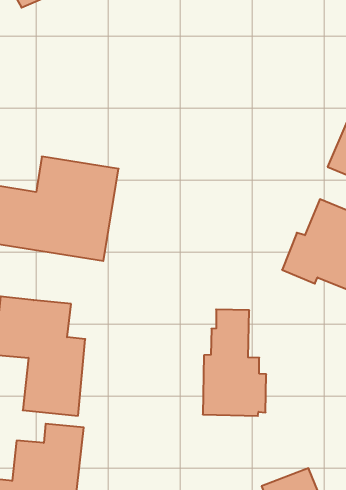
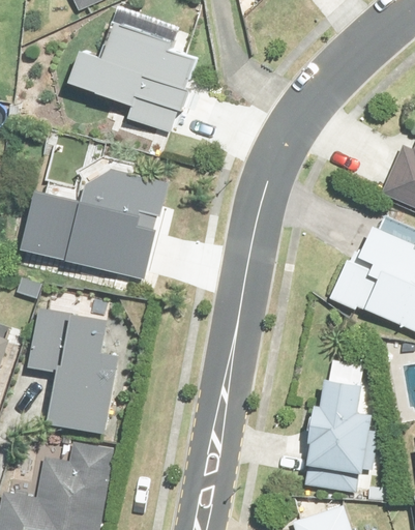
building: none -> [69,8,199,135]
building: [203,309,266,416] -> [308,360,377,473]

